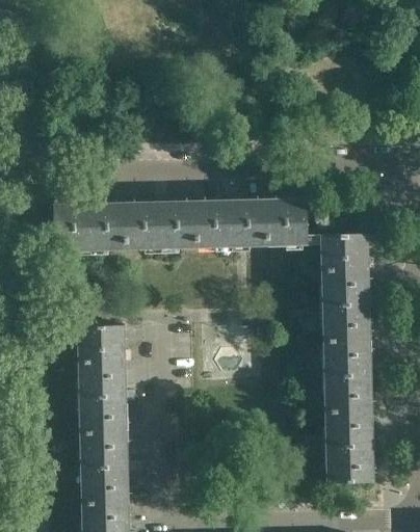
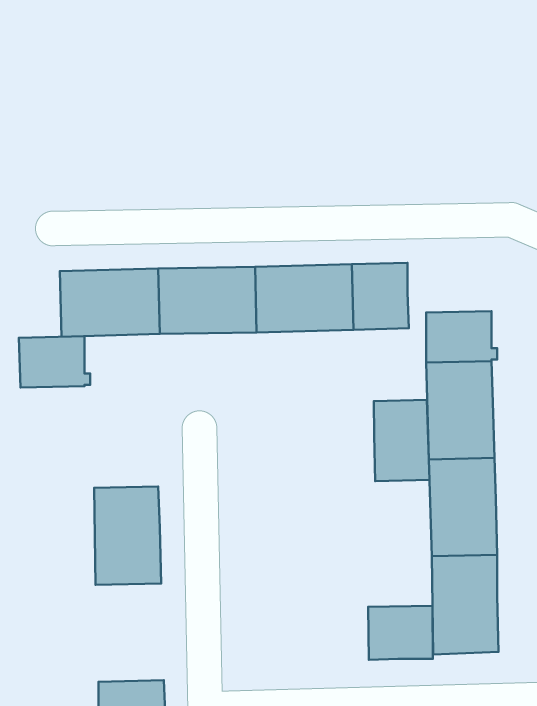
building: none -> [374,400,429,481]
building: [78,324,130,362] -> [19,336,90,388]
building: [80,431,130,503] -> none
building: none -> [368,606,433,660]

